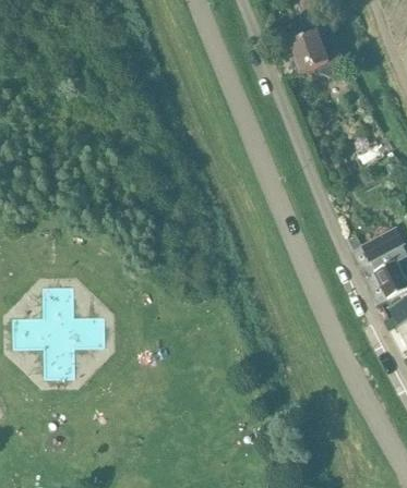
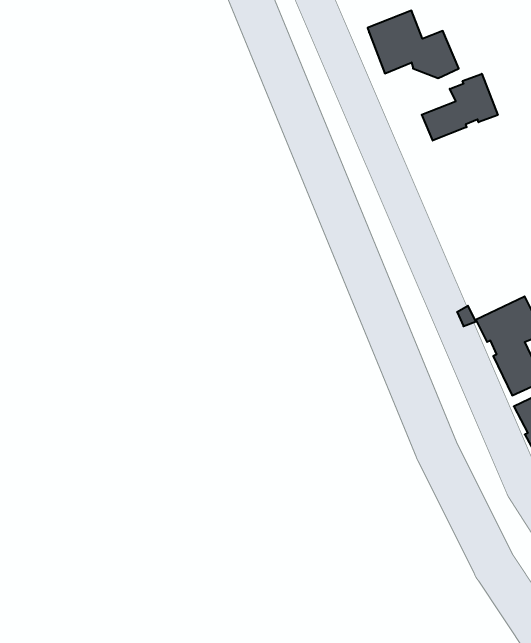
building: none -> [422,74,498,141]

